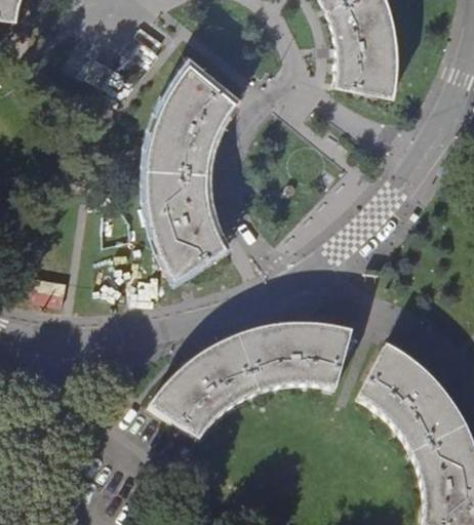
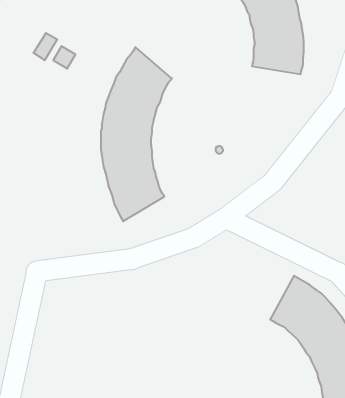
building: [149,323,353,440] -> none

